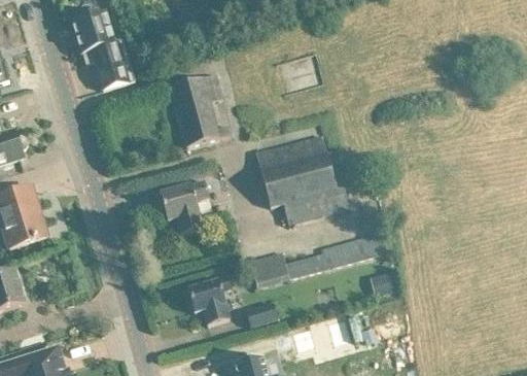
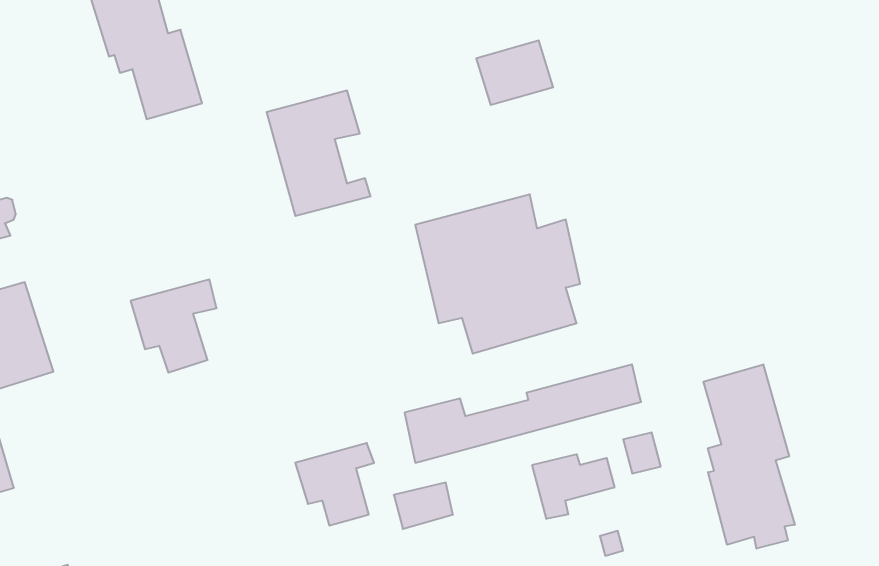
building: [159,180,208,234] -> [131,279,217,373]
building: none -> [703,364,795,549]
building: none -> [532,454,614,519]

